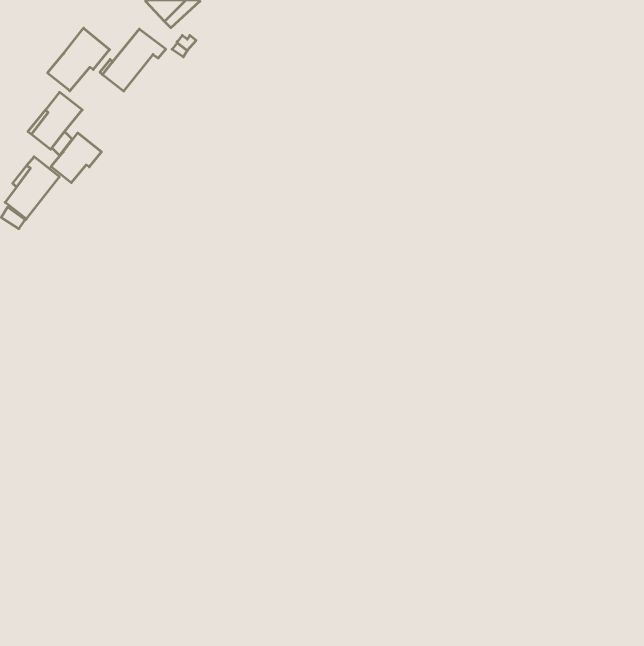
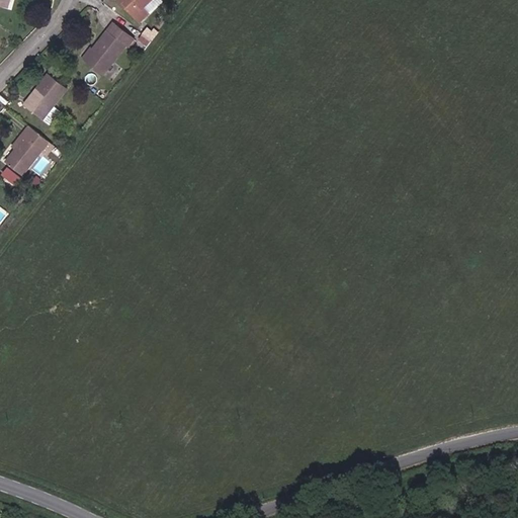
building: [48,28,110,91] -> none
building: [51,133,101,183] -> none

